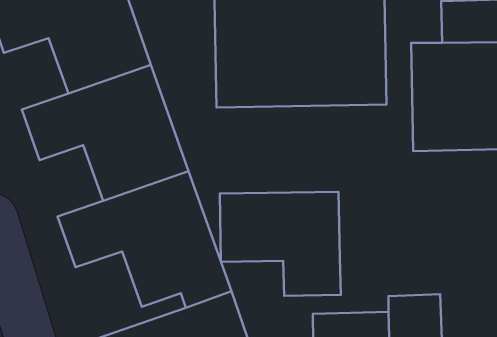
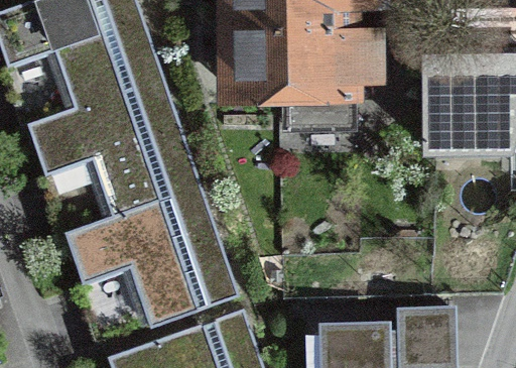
building: [220,192,341,296] -> none

